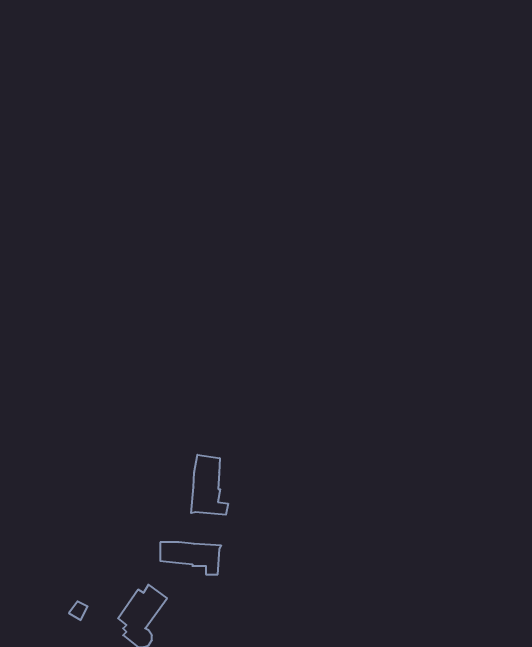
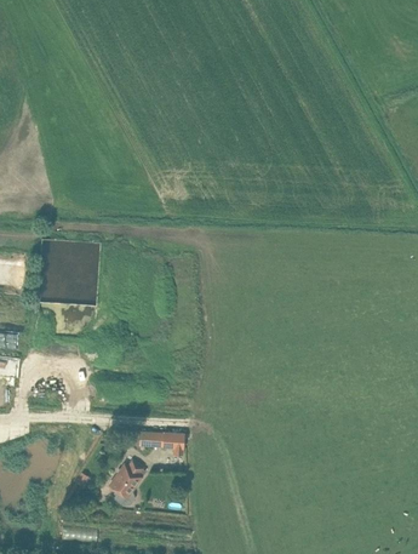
building: [191,455,228,515] -> none

